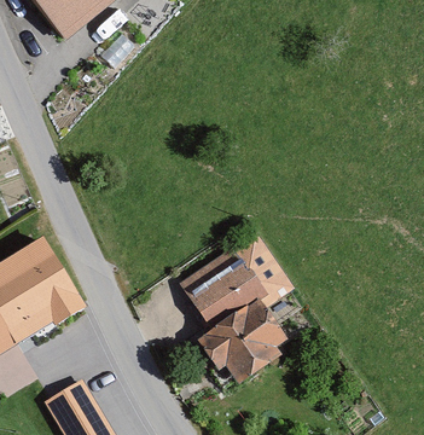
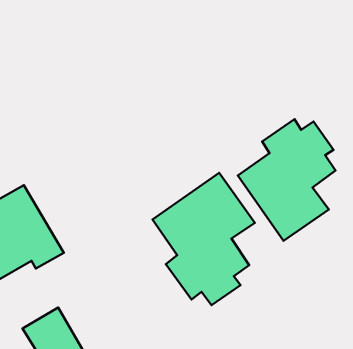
building: none -> [238,119,336,241]

